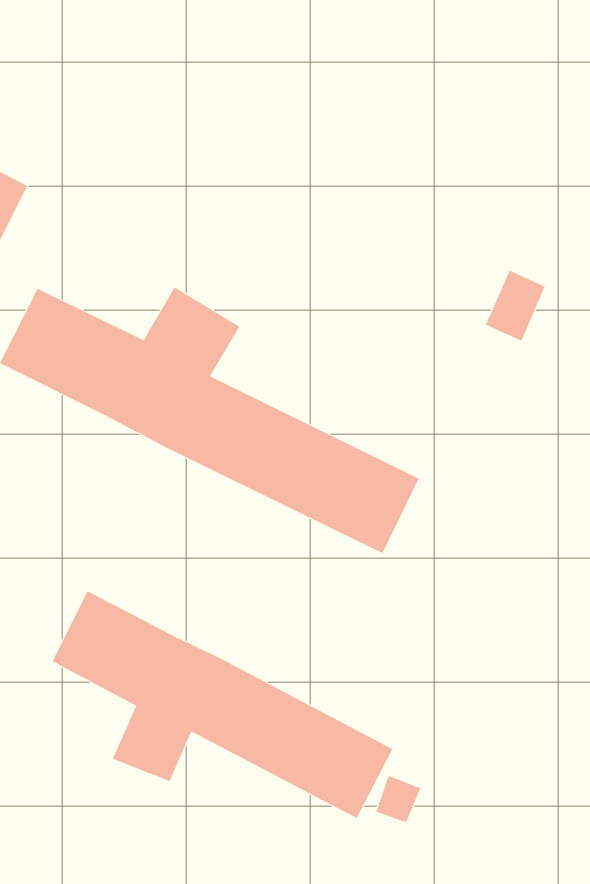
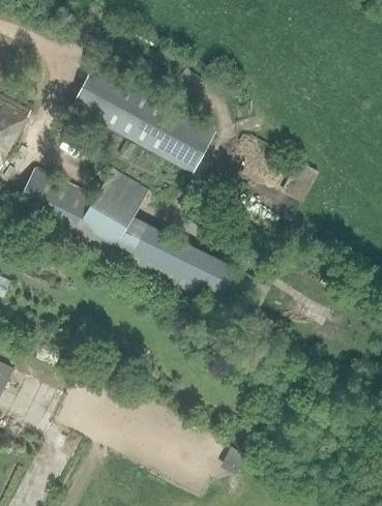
building: none -> [70,63,216,171]
building: [52,591,393,819] -> none

